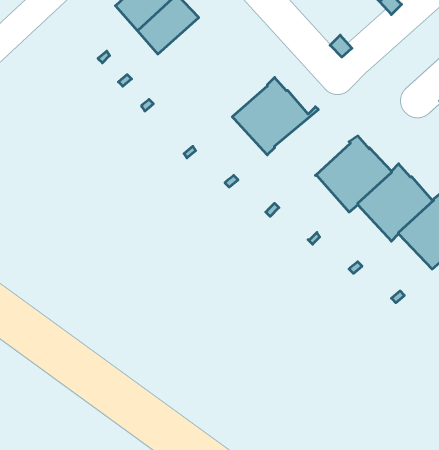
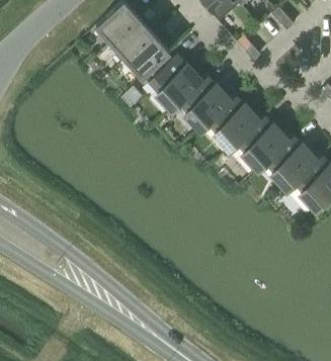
building: none -> [125,33,168,76]
building: none -> [148,56,200,108]
building: none -> [205,97,258,148]

